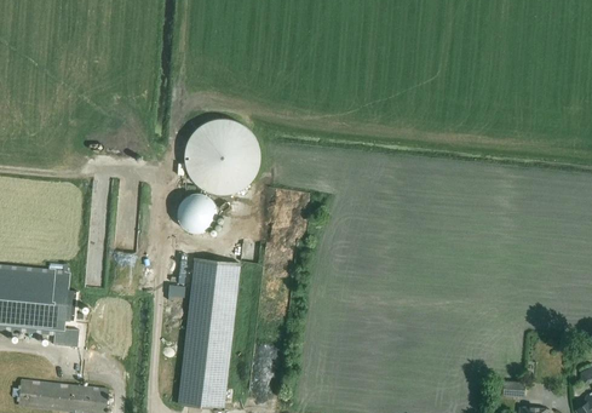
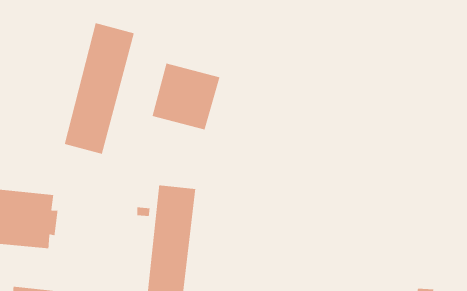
building: none -> [64,22,135,155]
building: [184,203,217,231] -> none

